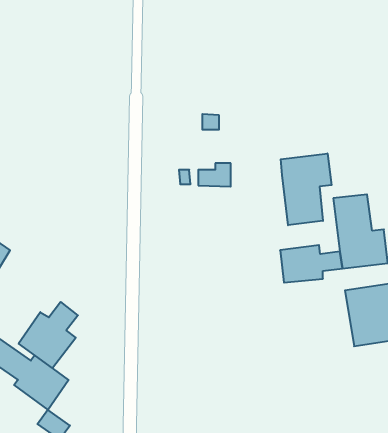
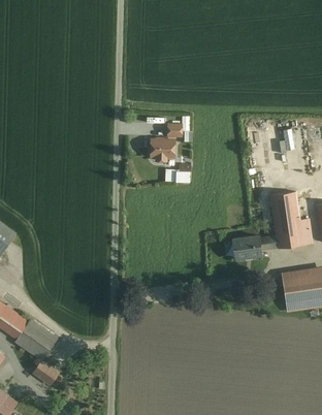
building: none -> [149,142,172,164]
building: [281,153,332,225] -> none
building: [19,302,78,368] -> none

